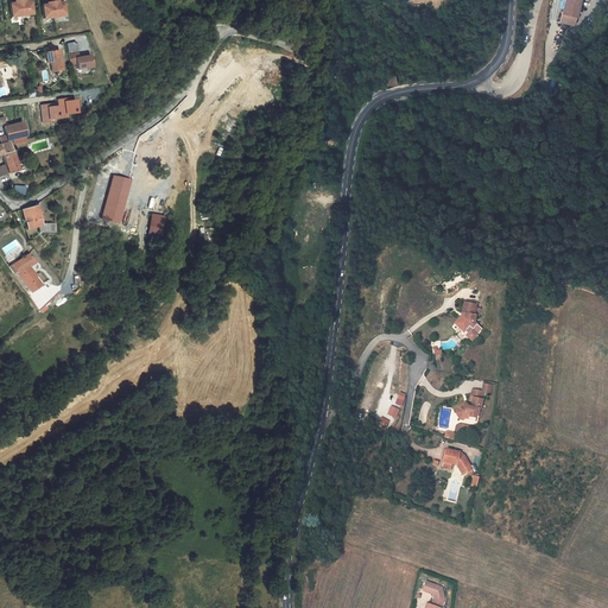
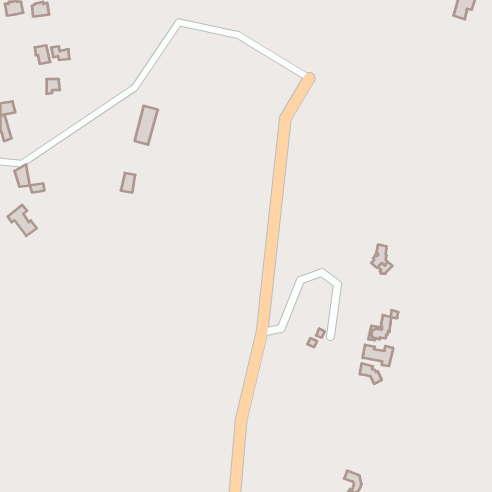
building: [106,173,134,221] -> [135,106,158,145]
building: none -> [363,345,393,366]

